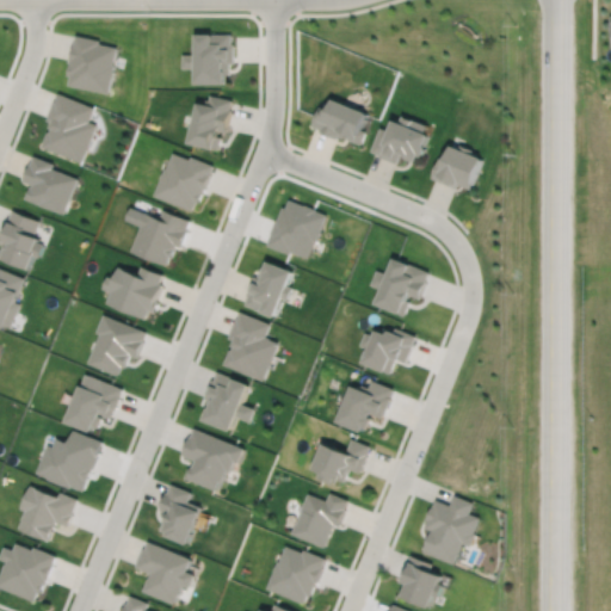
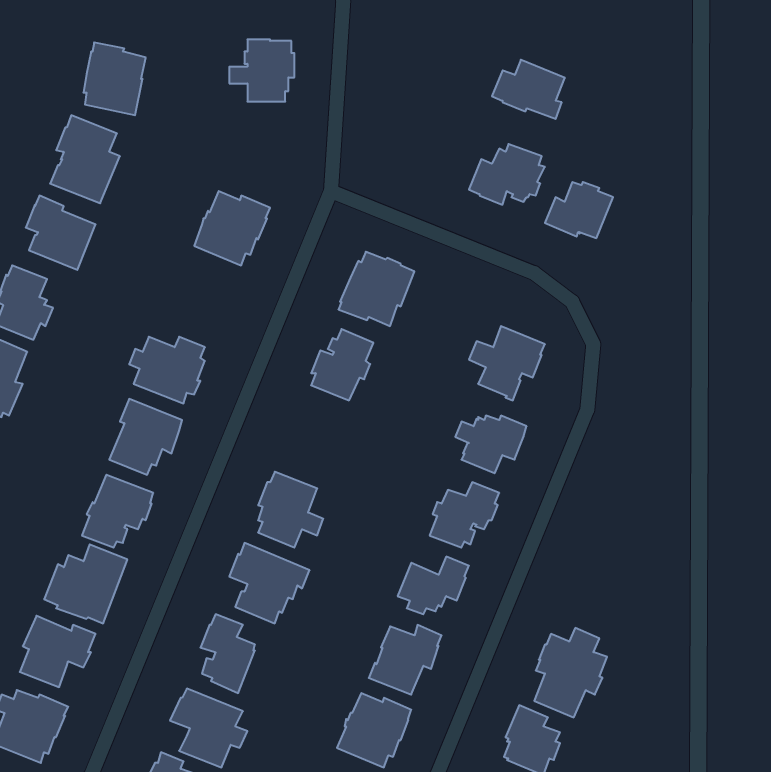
building: [189,95,230,149] -> none
building: [309,98,366,144] -> [492,60,565,119]
building: [129,210,187,266] -> none
building: [222,313,278,382] -> none

